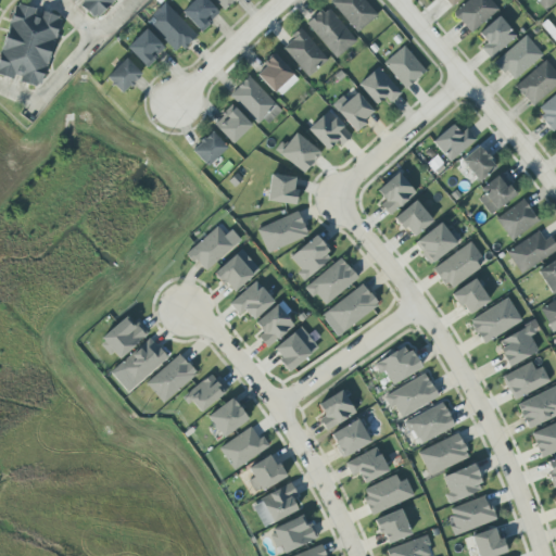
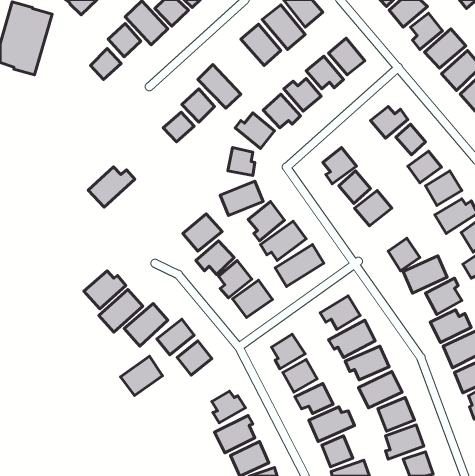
building: [257,53,300,96] -> none
building: [188,225,242,271] -> [88,167,135,207]
building: [433,241,482,289] -> none
building: [219,424,268,469] -> [120,356,162,395]

